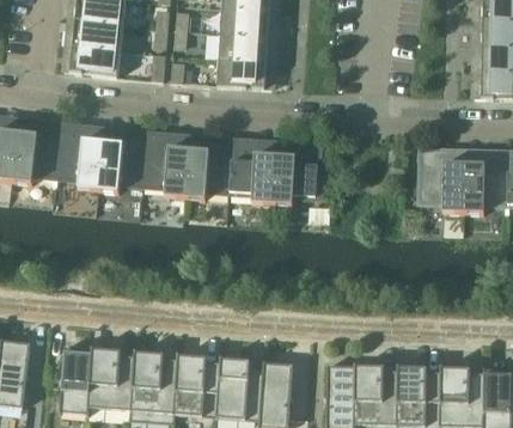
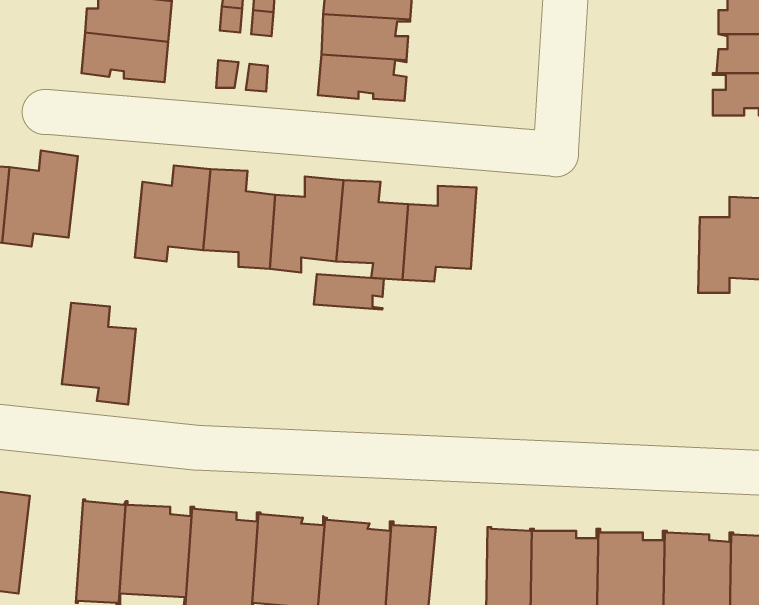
building: [56,124,104,190] -> [62,303,136,404]
building: [421,149,465,213] -> none
building: none -> [314,274,384,310]

